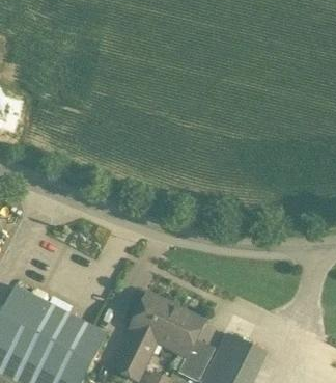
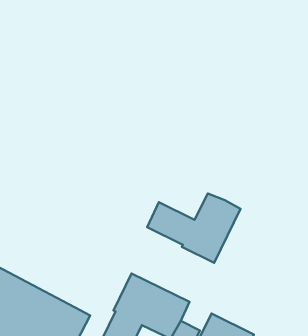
building: none -> [147,193,241,263]

